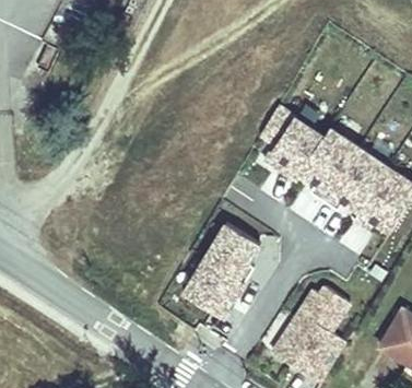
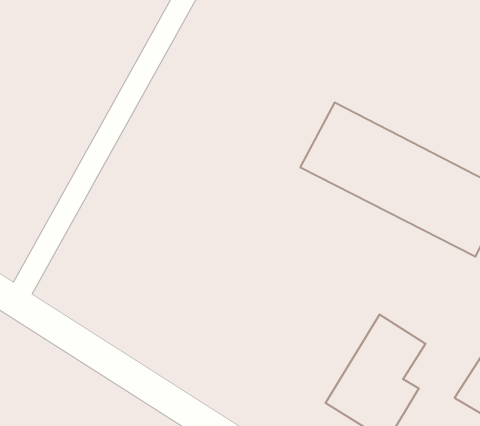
building: [183,220,266,318] -> none

